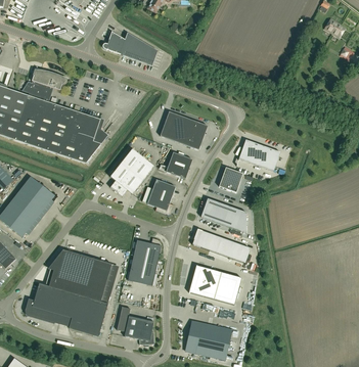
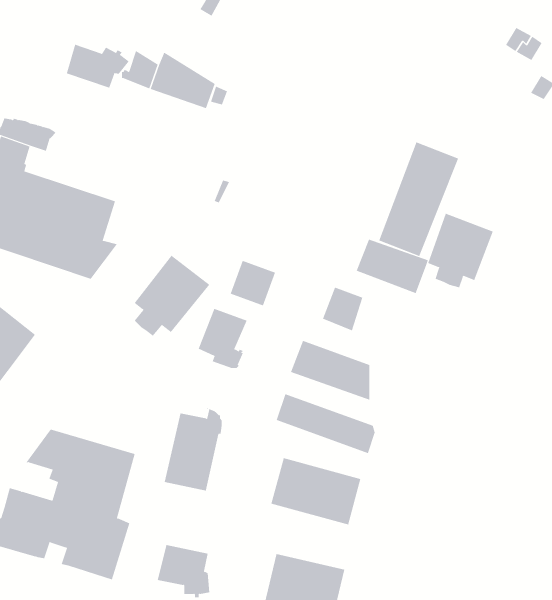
building: none -> [66,44,130,89]
building: none -> [379,142,459,257]
building: [160,110,208,149] -> none
building: none -> [428,213,493,288]

